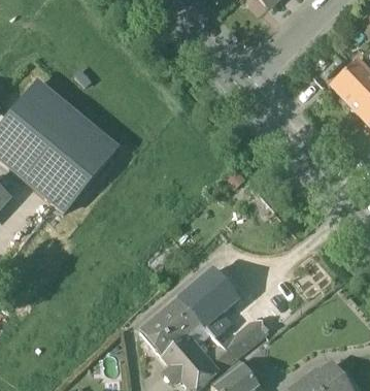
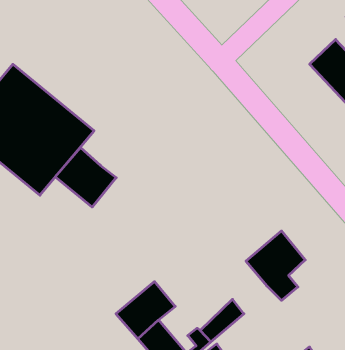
building: none -> [55,147,116,207]
building: [178,267,237,336] -> [246,231,305,300]

